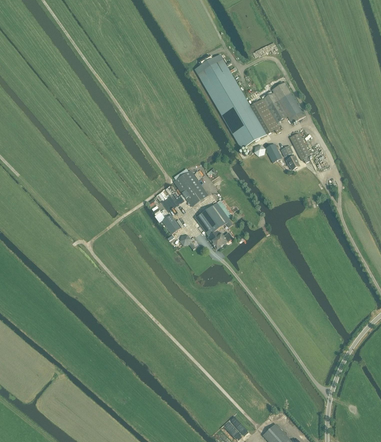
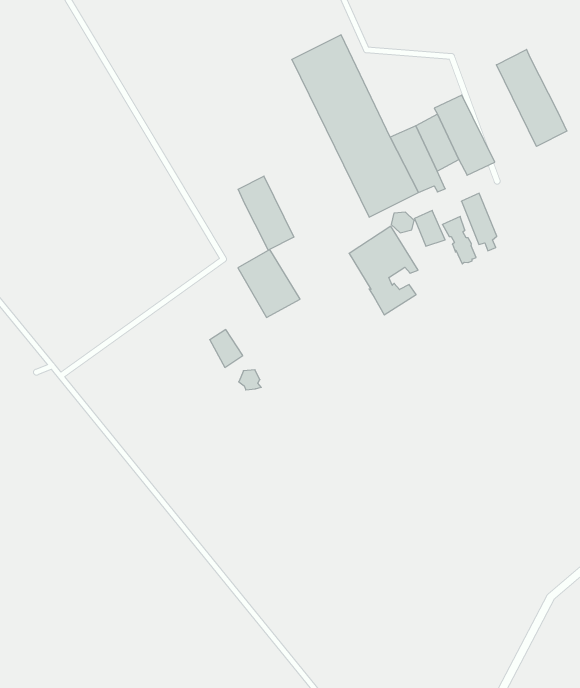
building: none -> [496,49,567,146]
building: none -> [238,176,294,250]
building: [195,201,232,248] -> [349,226,418,315]

